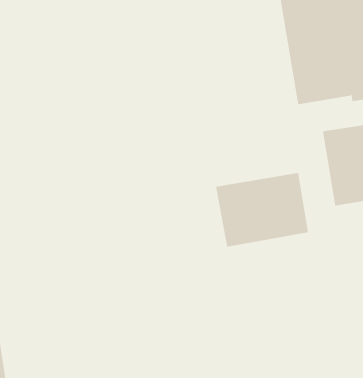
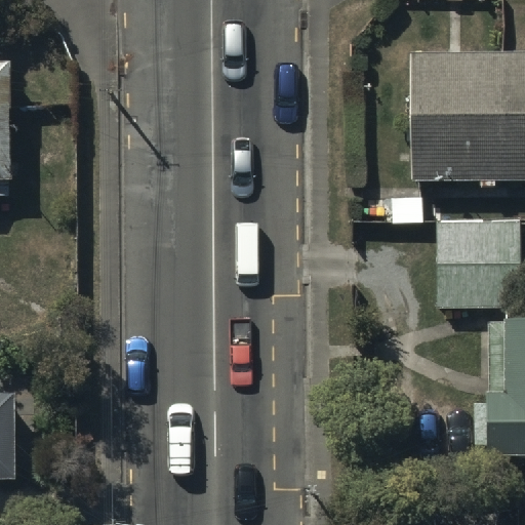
building: [215,172,309,247] -> none

